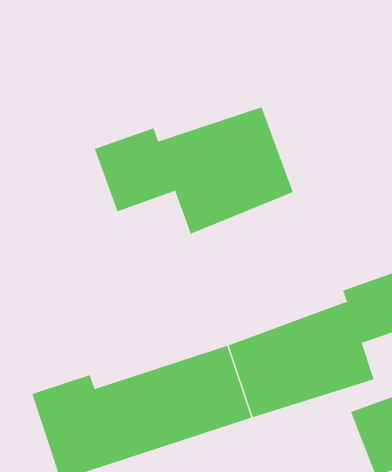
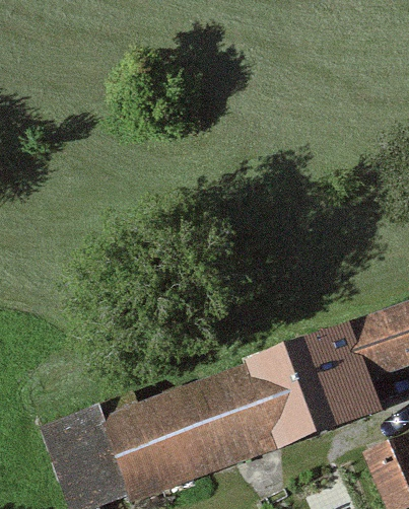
building: [94,106,293,234] -> none

